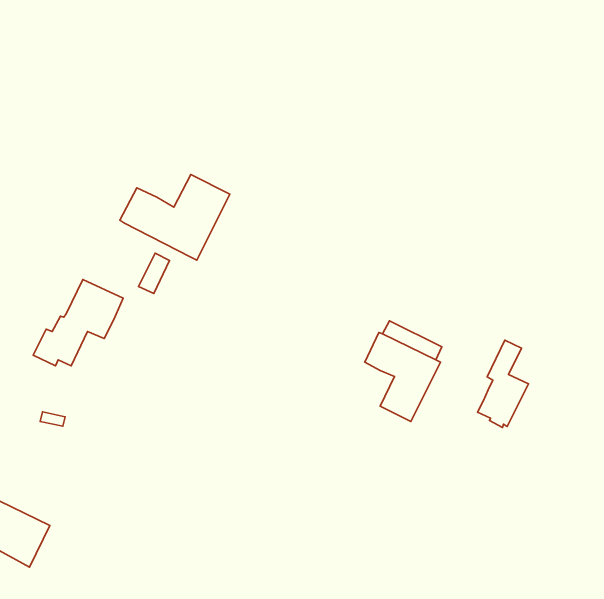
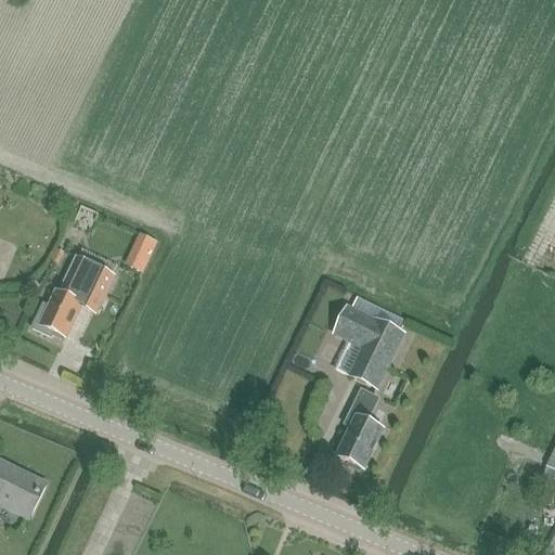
building: [120,175,230,260] -> none
building: [478,340,528,428] -> [336,388,383,468]

